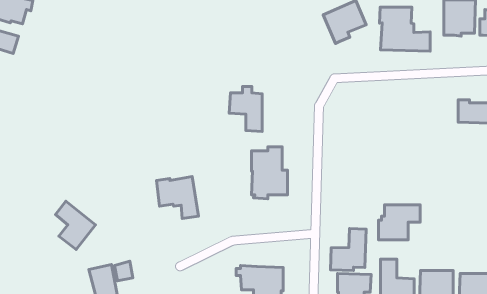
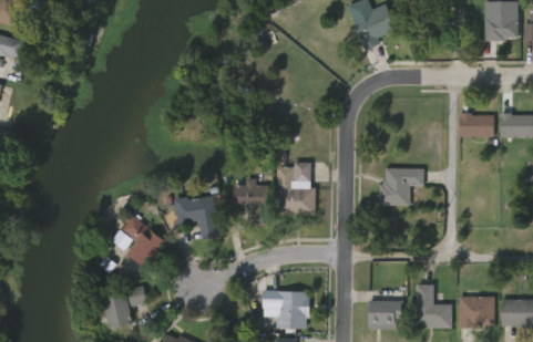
building: [380,7,430,51] -> none
building: [229,87,262,132] -> [232,177,267,226]
building: none -> [458,112,494,136]
building: [56,201,96,249] -> [122,215,165,267]
building: [378,205,420,240] -> [378,167,423,205]
building: [331,229,366,270] -> none

